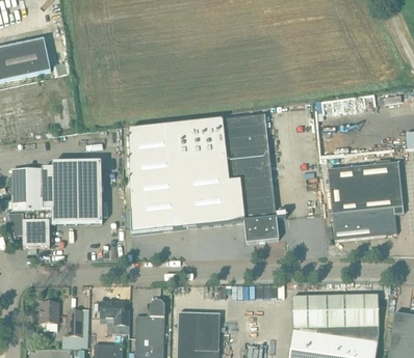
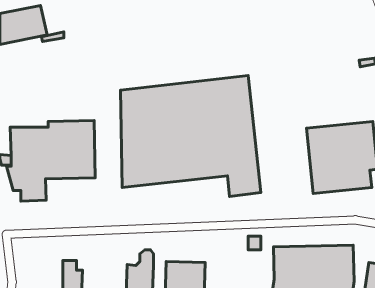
building: [100,300,130,326] -> none
building: [40,301,58,329] -> none

